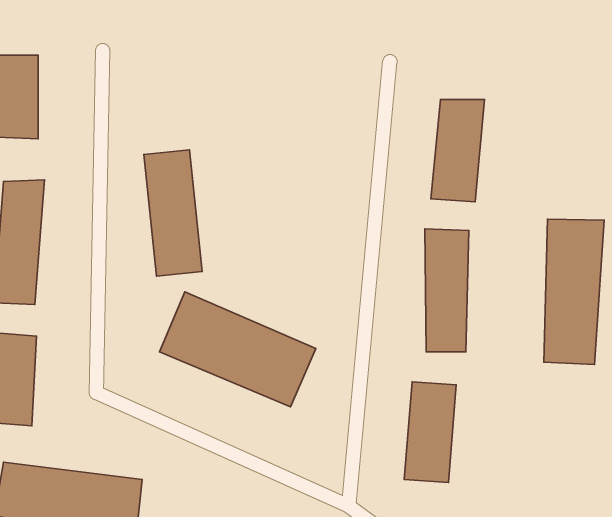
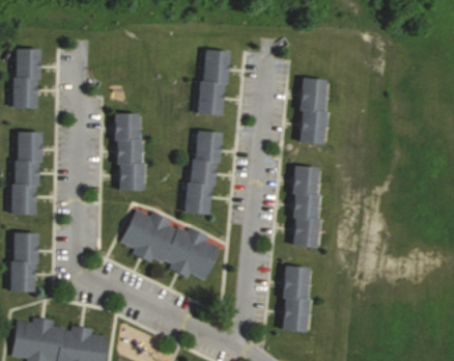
building: none -> [196,50,230,118]
building: none -> [179,128,222,214]
building: [544,219,604,365] -> none

